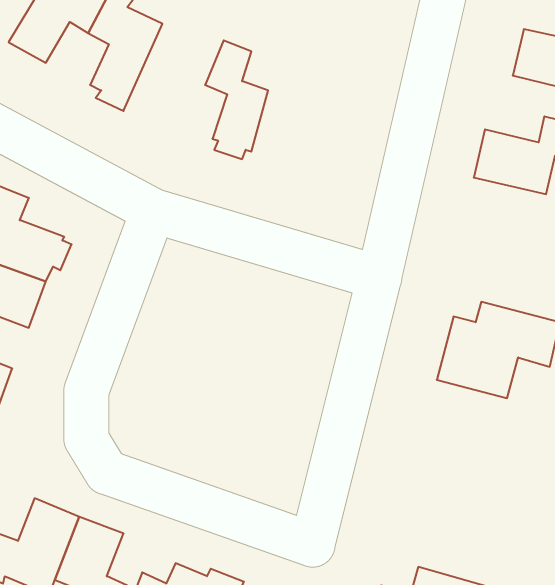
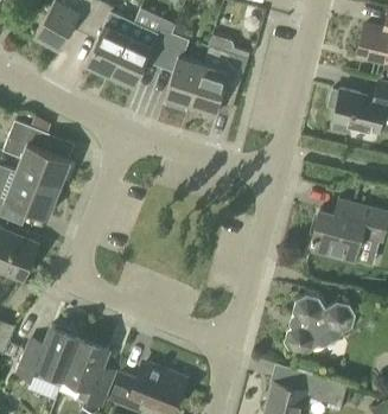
building: none -> [108,21,172,85]
building: none -> [190,34,249,110]
building: none -> [284,292,355,356]

